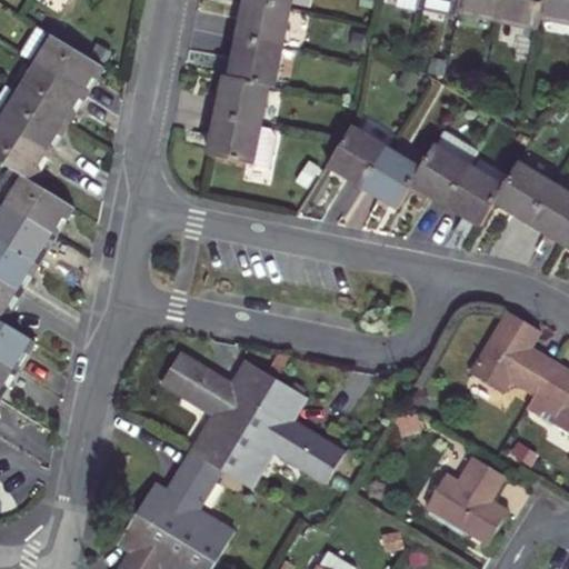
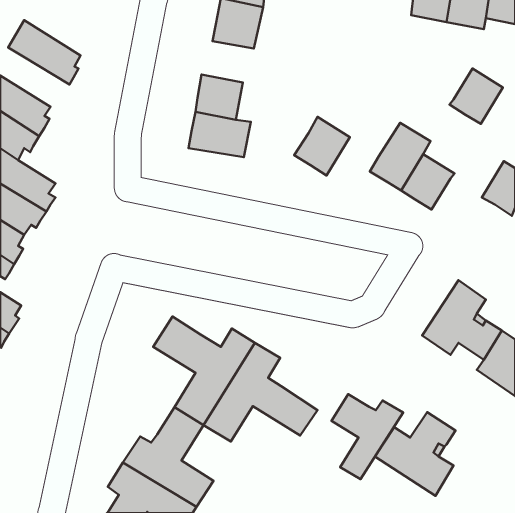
building: [228,46,280,91] -> none
building: [9,62,77,118] -> none
building: [360,151,418,213] -> none
building: [497,157,556,218] -> [449,68,503,124]
building: none -> [332,394,403,479]

